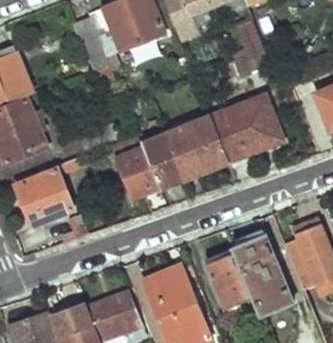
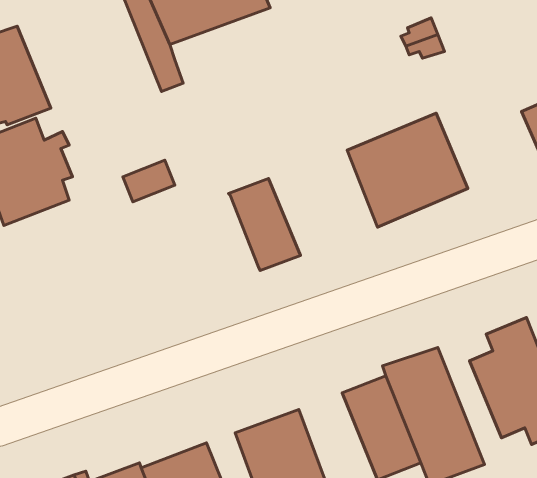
building: [165,117,230,180] -> none
building: [116,144,159,198] -> none
building: [16,156,79,224] -> none

